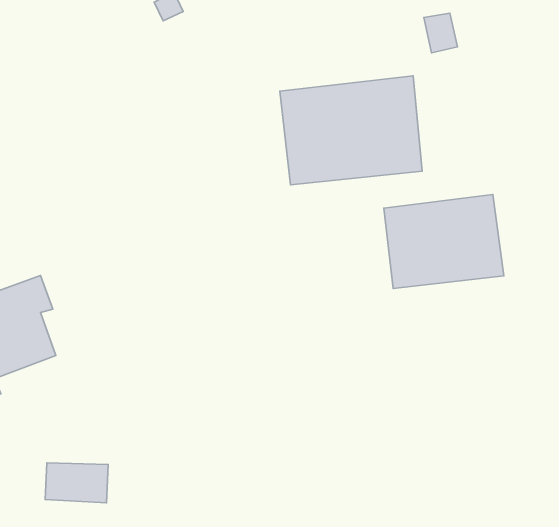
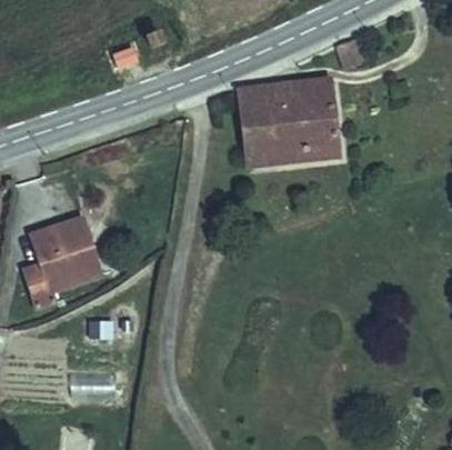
building: [384,194,504,289] -> none

